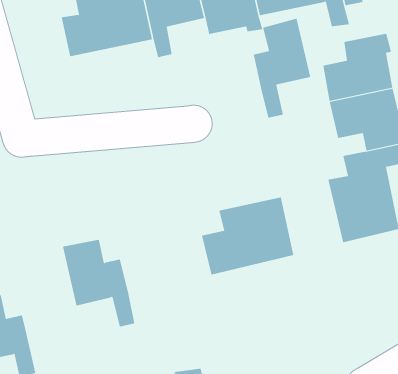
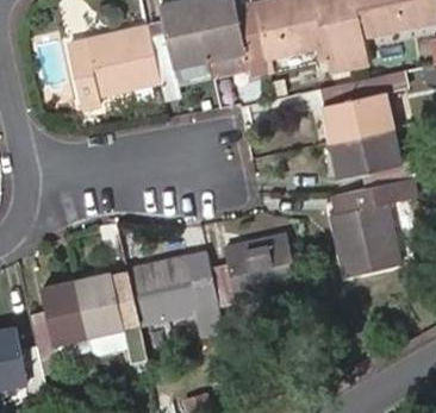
building: [253,18,311,119] -> none
building: none -> [125,255,217,325]
building: none -> [29,280,87,359]

